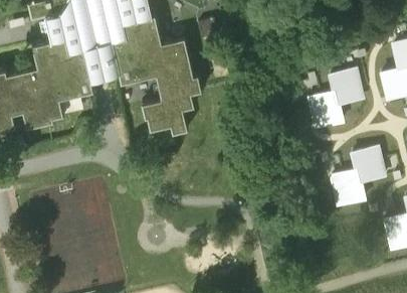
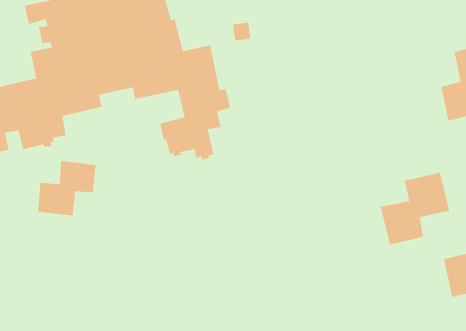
building: [307,69,364,132] -> none
building: none -> [37,160,96,217]

